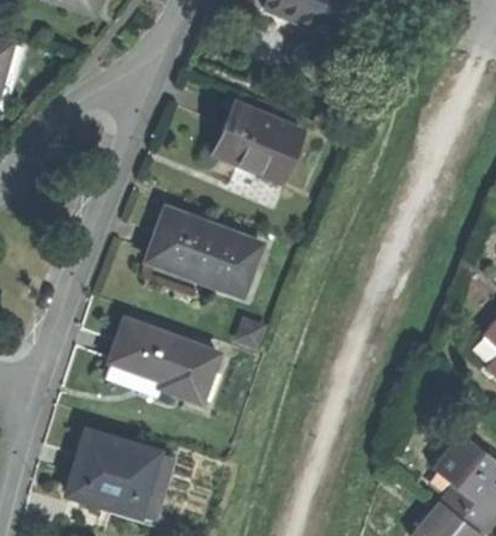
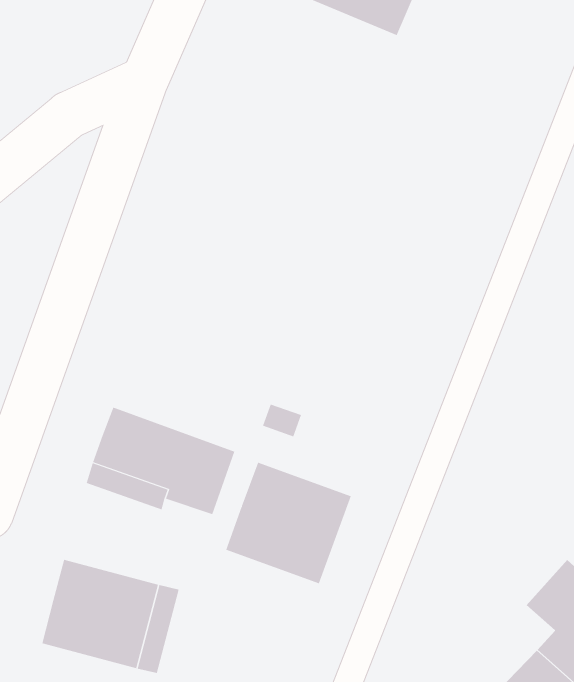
building: [211,104,298,183] -> none
building: [147,210,258,296] -> none
building: none -> [226,462,352,584]

